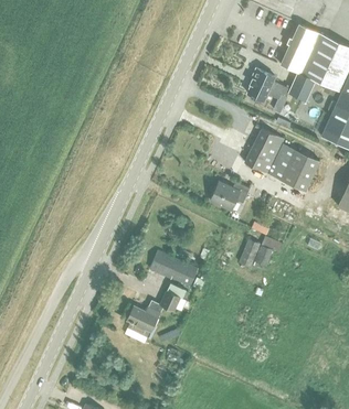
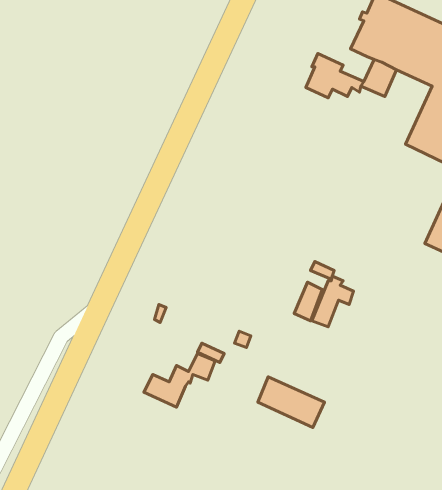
building: [244,125,318,193] -> none
building: [209,180,250,208] -> none
building: [149,249,199,287] -> [258,377,325,427]

